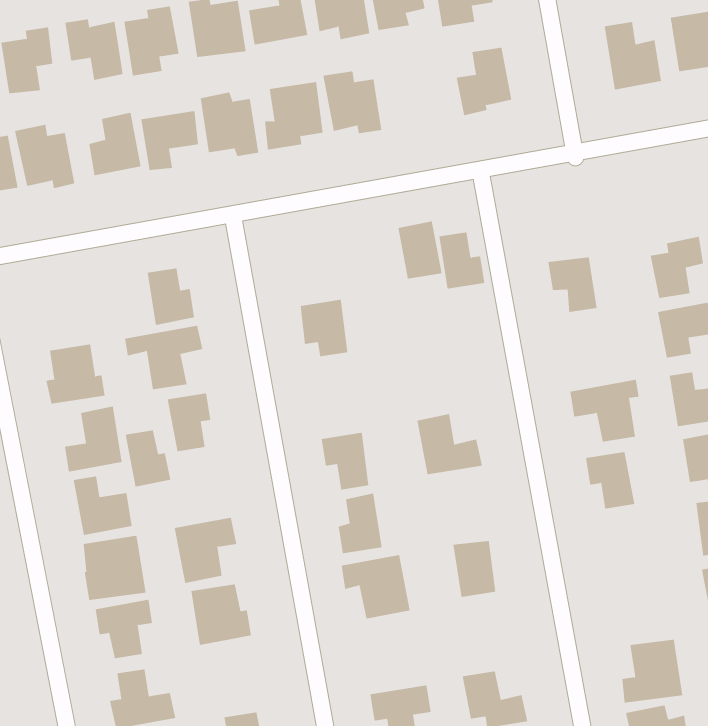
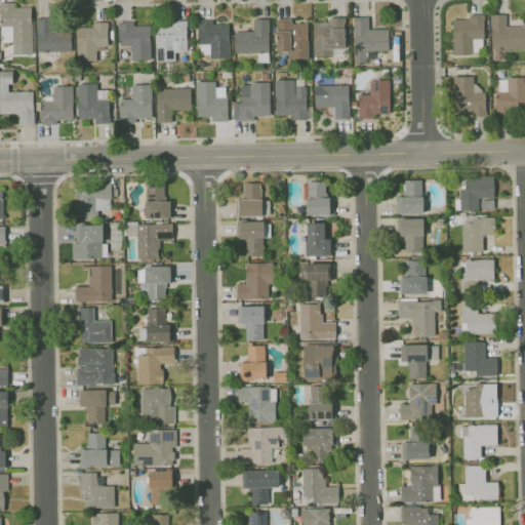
building: none -> [315,85,350,120]
building: none -> [459,176,494,211]
building: none -> [397,180,423,214]
building: [438,232,485,289] -> [307,223,331,256]
building: none -> [236,183,262,216]
building: none -> [76,186,111,217]
building: none -> [400,260,427,293]
building: none -> [295,264,328,297]
building: none -> [237,262,274,299]
building: [125,430,171,487] -> [147,309,171,342]
building: none -> [304,346,333,379]
building: none -> [400,383,437,420]
building: none -> [402,426,430,459]
building: none -> [304,429,332,461]
building: none -> [241,428,286,463]
building: none -> [133,430,177,466]

